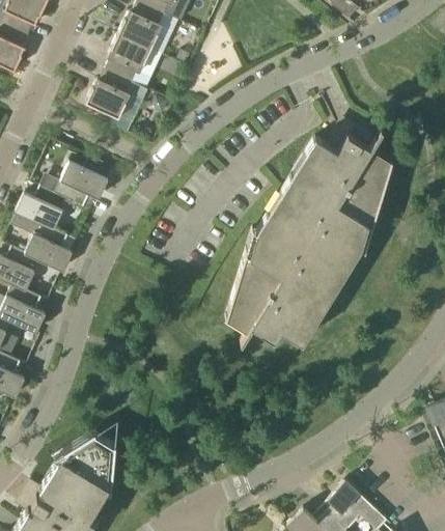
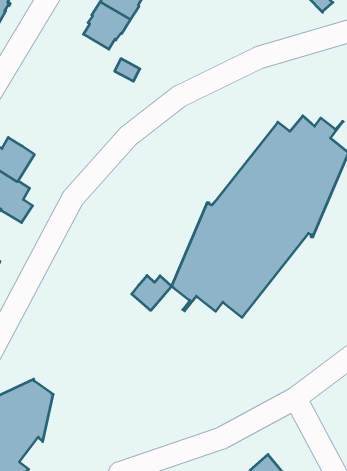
building: [87,71,134,119] -> none
building: [40,162,109,207] -> none
building: none -> [132,275,171,310]

